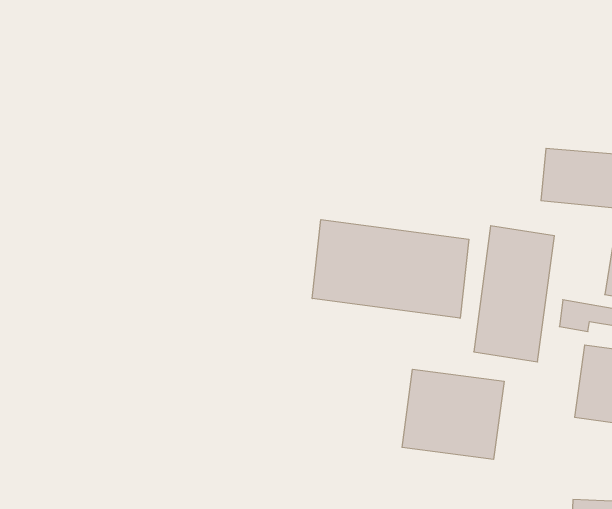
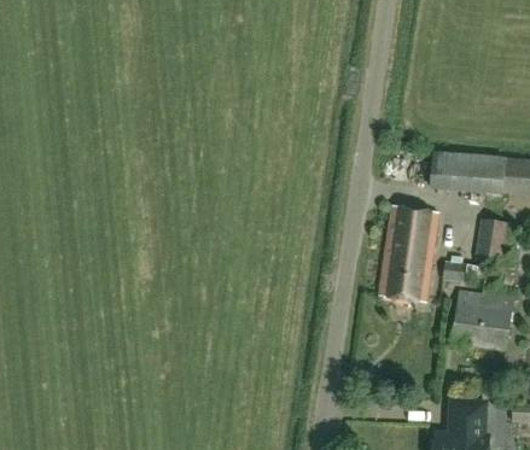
building: [312,220,469,318] -> none
building: [402,369,504,459] -> none

